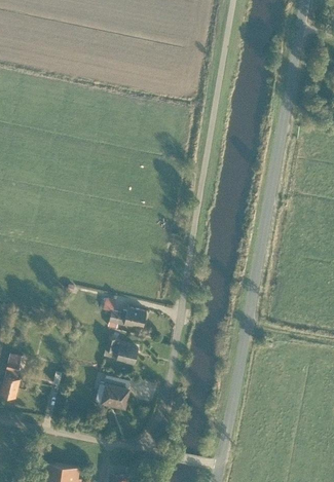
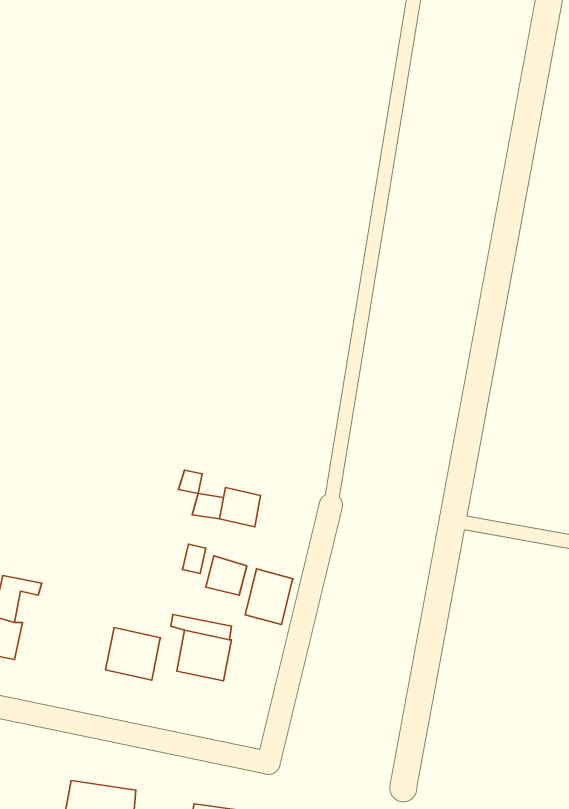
building: none -> [245,569,293,625]
building: none -> [105,628,161,680]

